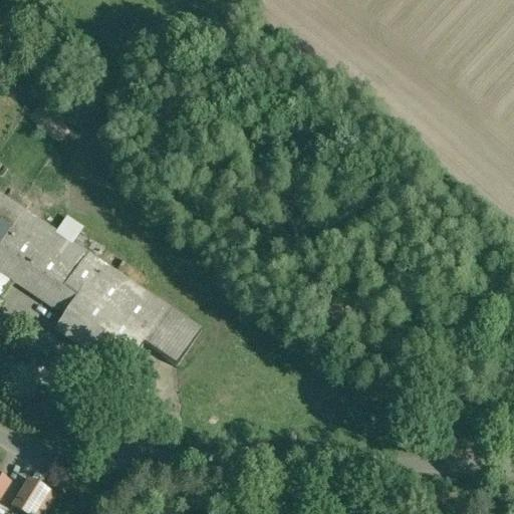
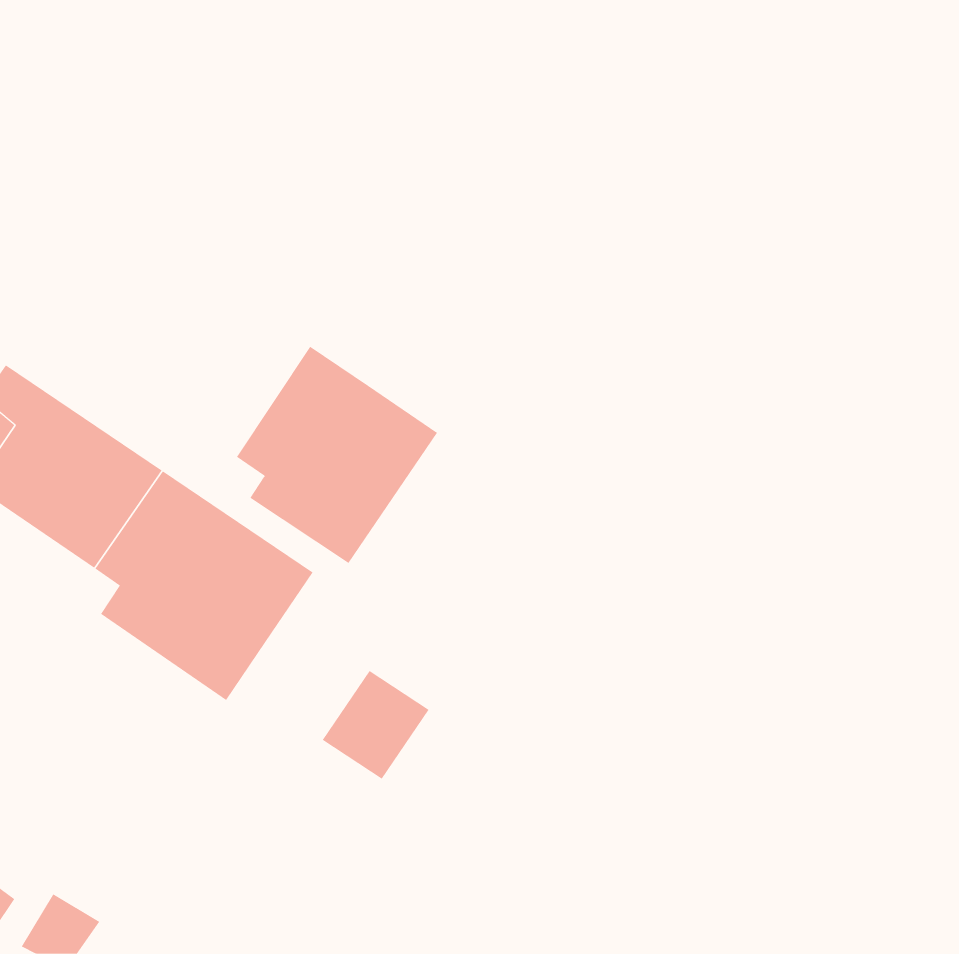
building: none -> [236,346,438,564]
building: [142,304,199,362] -> [322,670,430,780]

